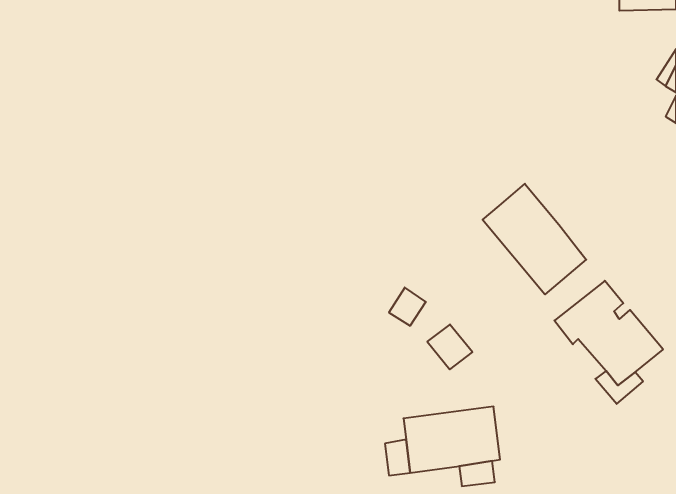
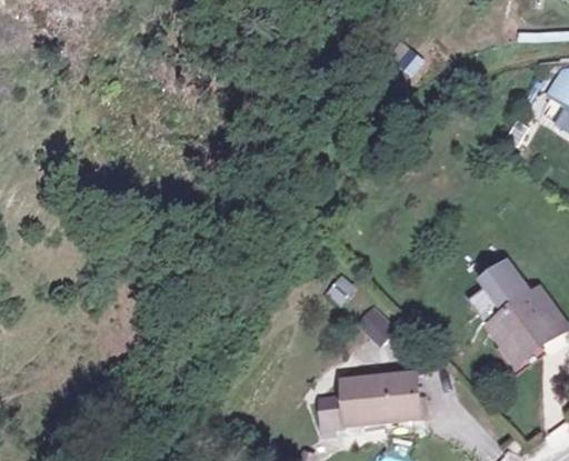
building: [483,184,586,294] -> none

